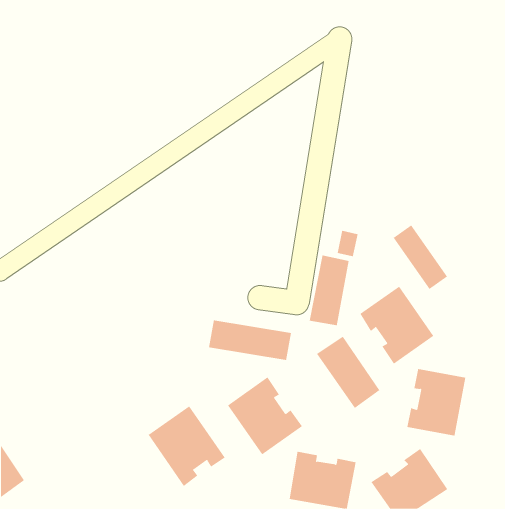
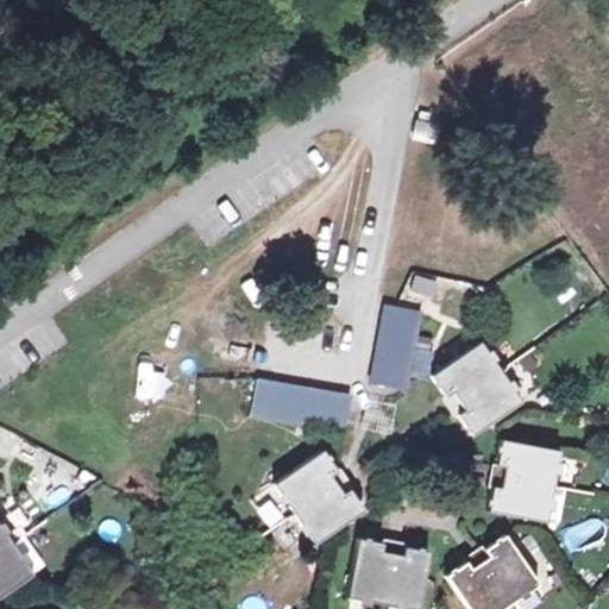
building: [393,224,448,290] -> none
building: [316,336,380,409] -> none
building: [148,406,225,487] -> none

